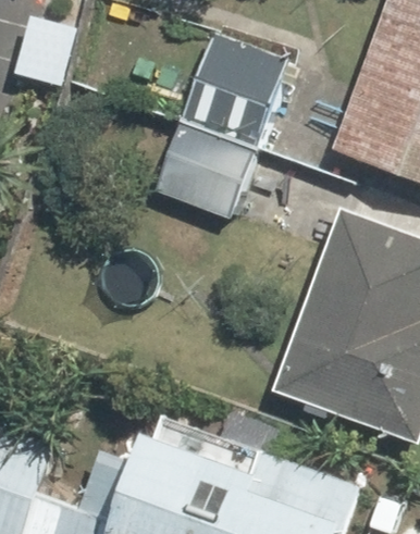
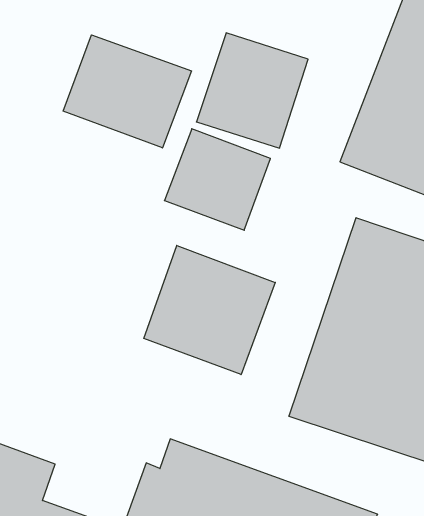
building: none -> [63,35,191,148]
building: none -> [144,245,275,375]

